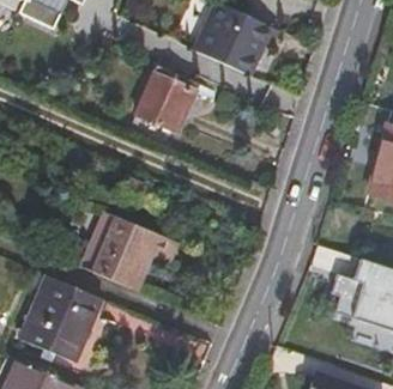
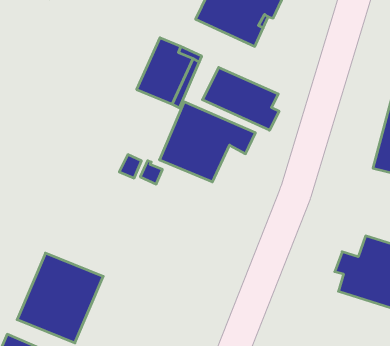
building: none -> [202,67,279,130]
building: [84,212,177,290] -> [159,102,255,182]

